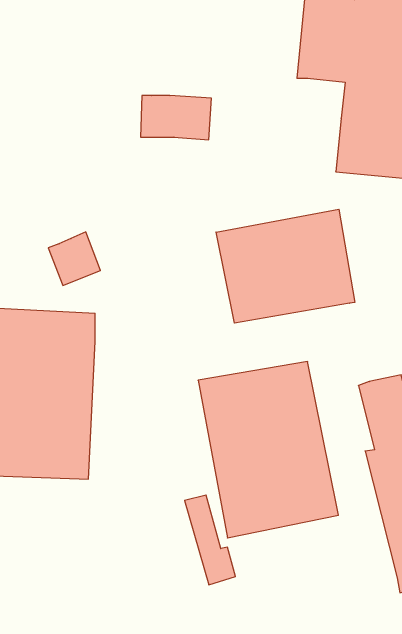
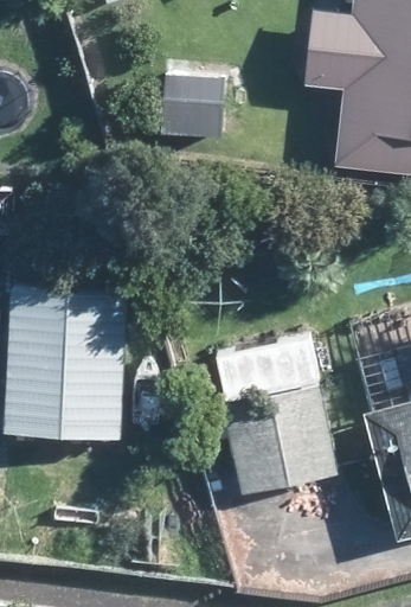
building: [216,209,355,323] -> none

